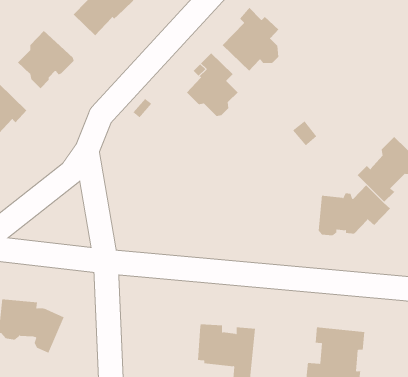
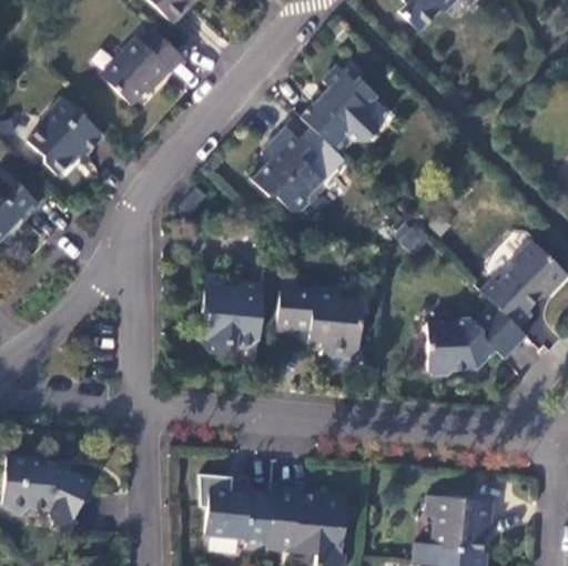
building: none -> [202,282,264,352]
building: none -> [276,289,362,355]
building: none -> [199,474,271,544]

